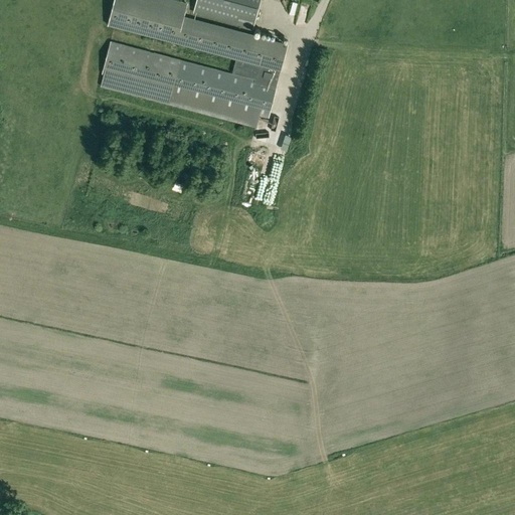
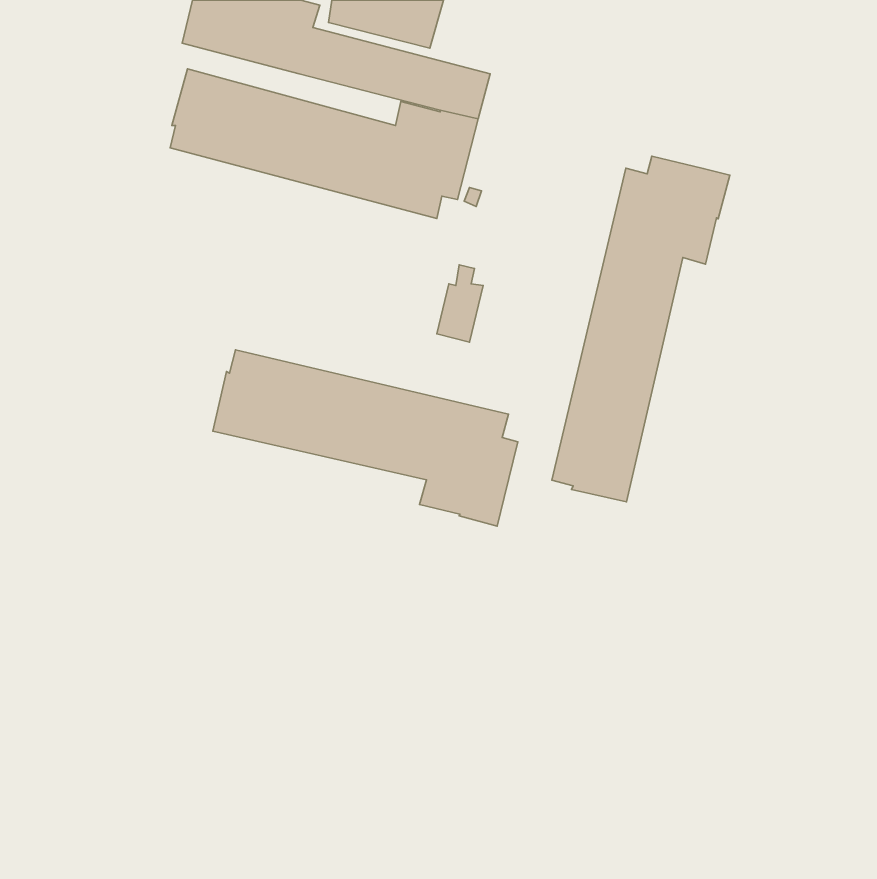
building: none -> [552,156,730,502]
building: none -> [213,350,518,526]

